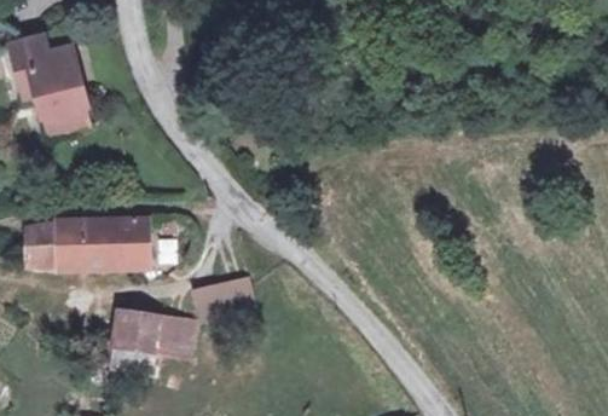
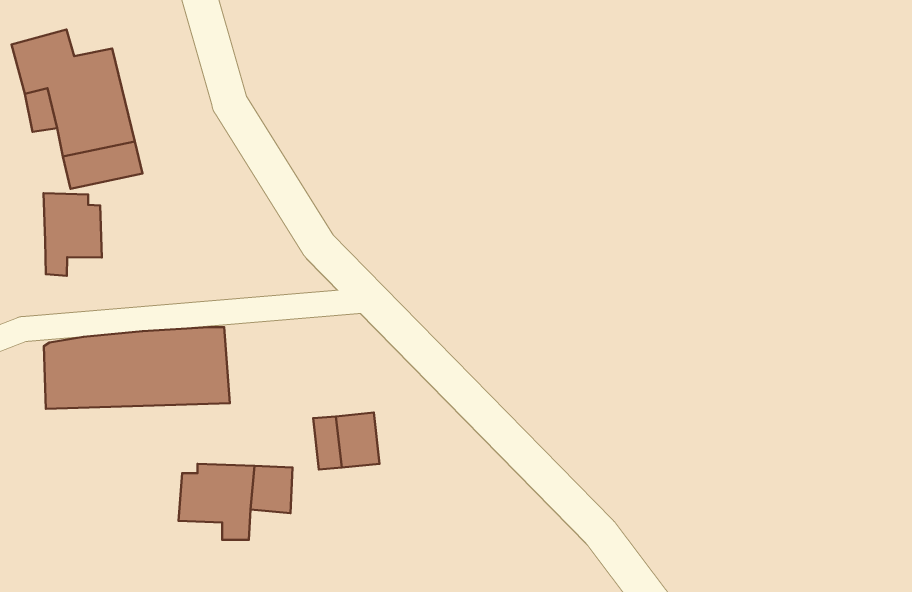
building: none -> [43,193,102,276]

